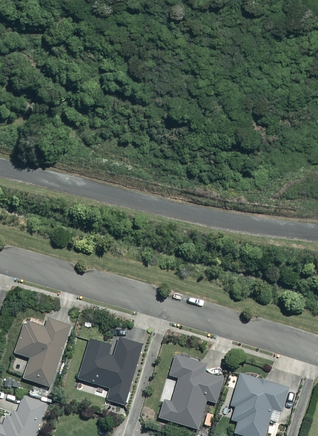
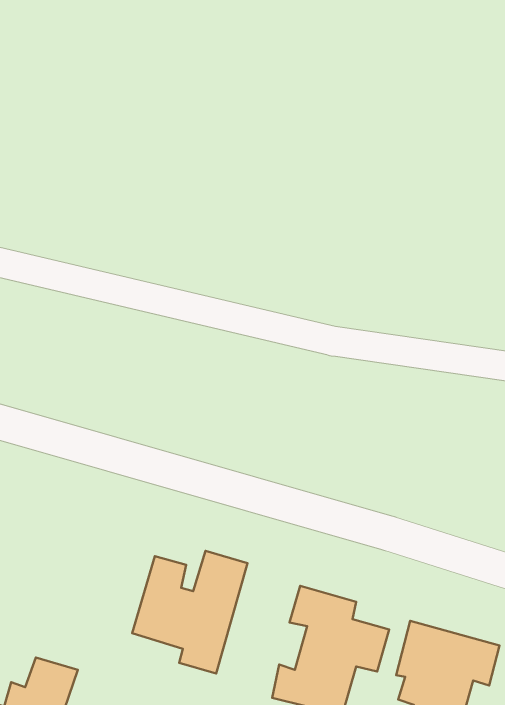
building: [14,317,71,389] -> none

